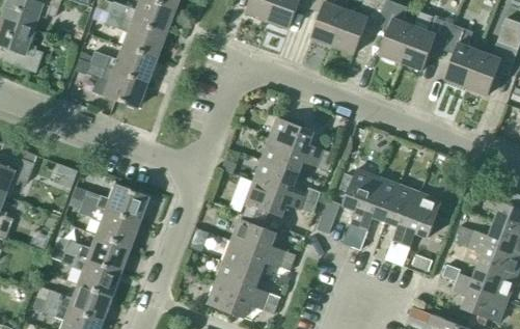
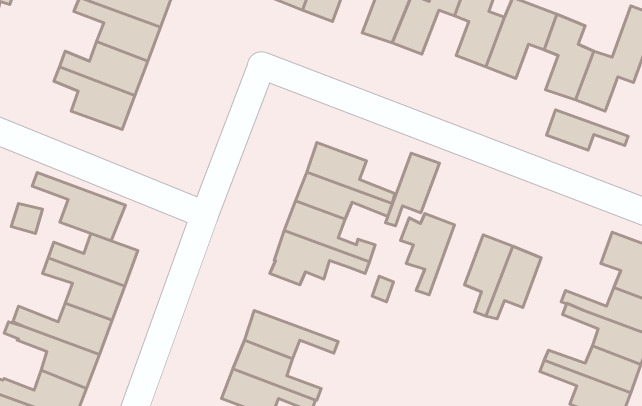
building: none -> [547,110,628,150]
building: none -> [32,172,126,241]
building: [359,177,399,230] -> [385,153,439,226]
building: [231,213,296,263] -> none

